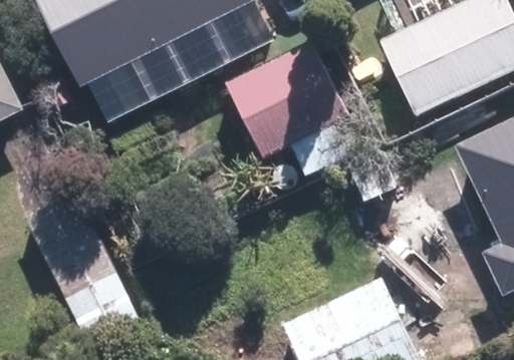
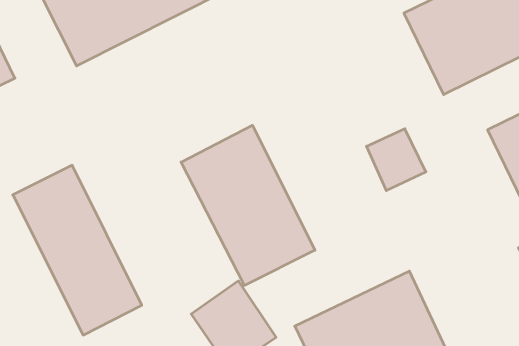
building: [226,42,355,173] -> none
building: none -> [181,125,315,285]

